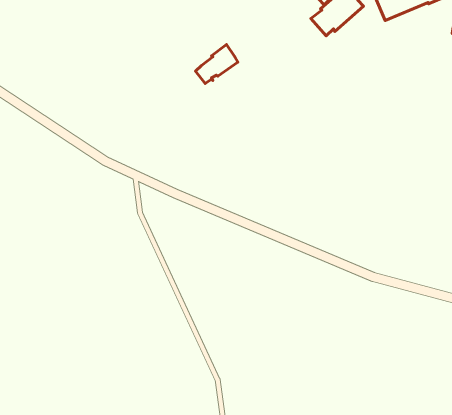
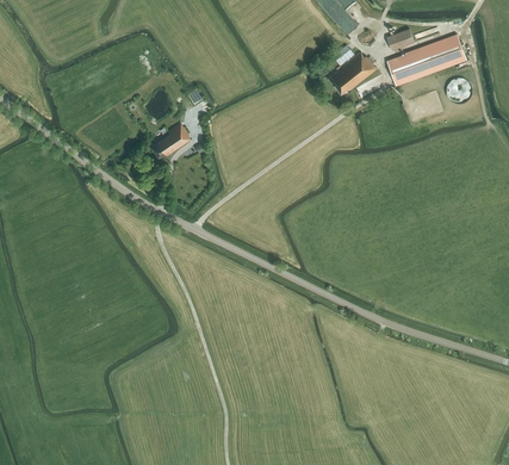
building: [195,44,238,83] -> [151,123,191,157]

